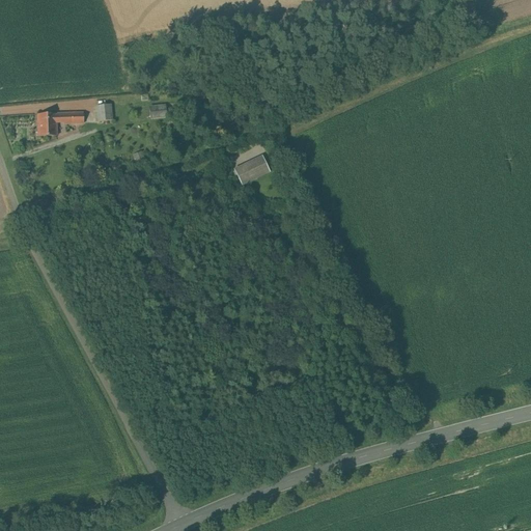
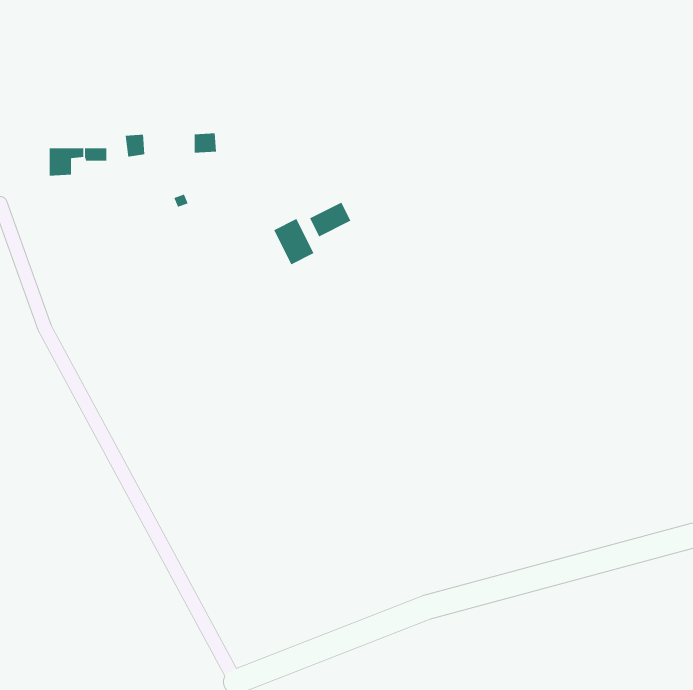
building: none -> [273,218,314,265]

